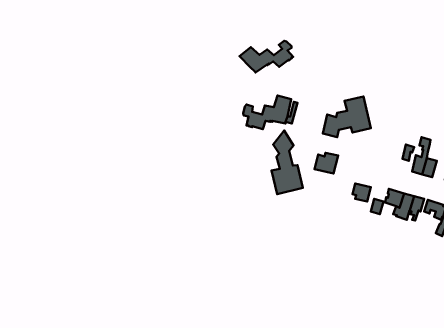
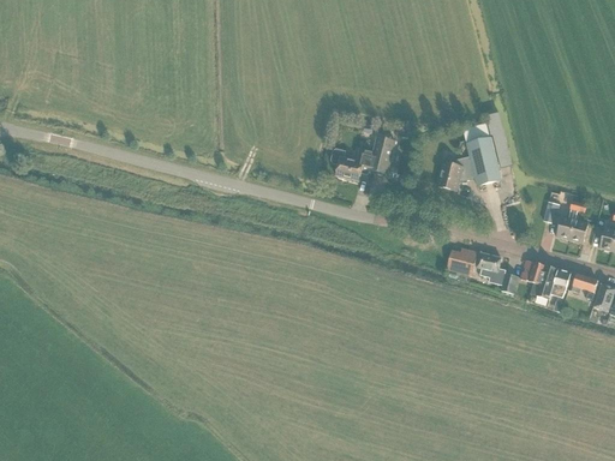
building: [240,41,293,72] -> none
building: [272,130,303,194] -> none
building: [315,153,338,174] -> [447,247,478,275]

